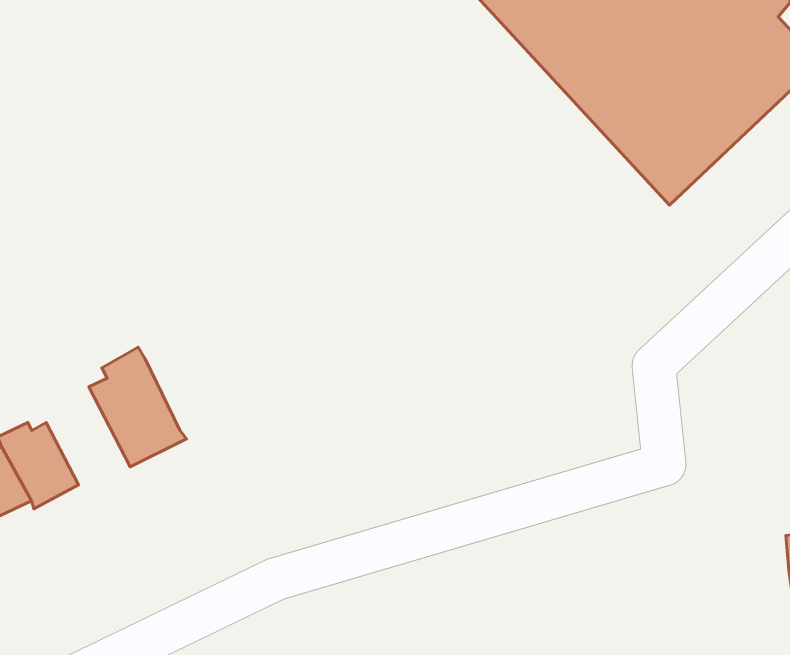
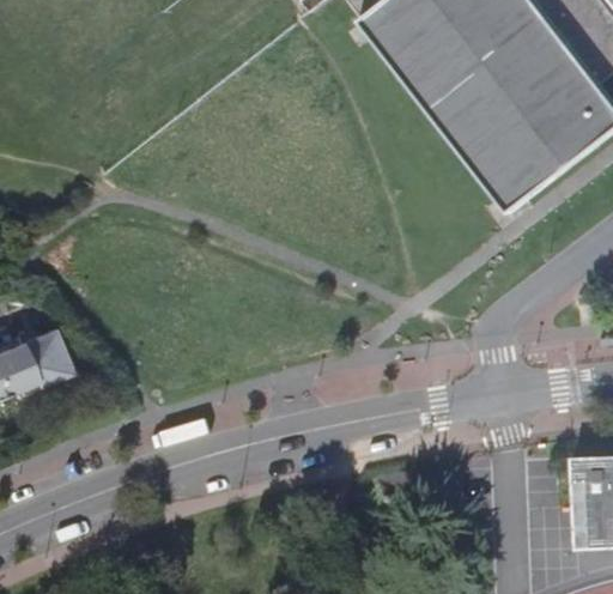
building: [89,347,187,467] -> none

